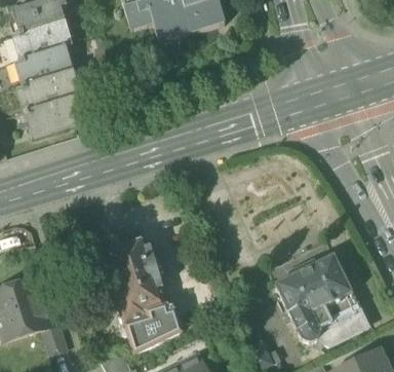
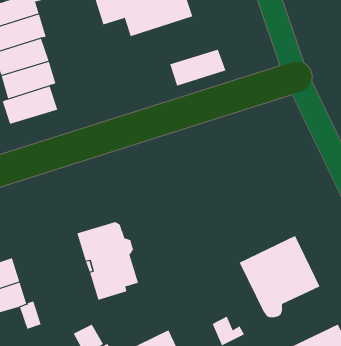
building: none -> [169,49,226,86]
building: [121,302,182,355] -> none
building: [319,308,367,343] -> none

